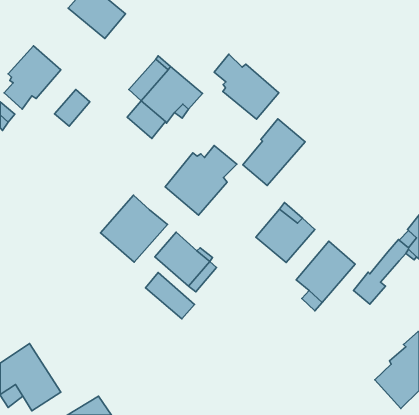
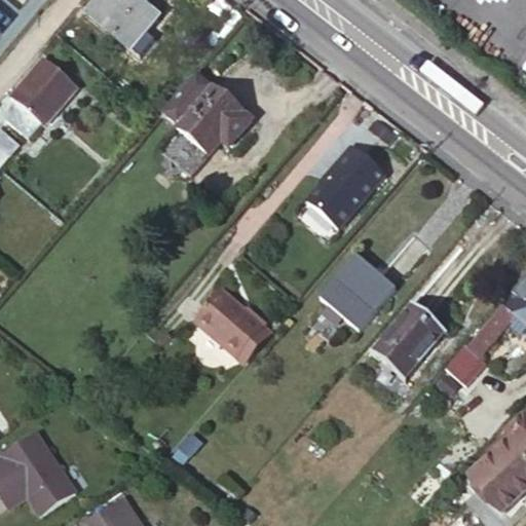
building: [214,54,279,119] -> none
building: [54,90,90,126] -> none
building: [165,145,237,215] -> none
building: [100,195,167,262] -> none
building: [146,273,194,319] -> none

